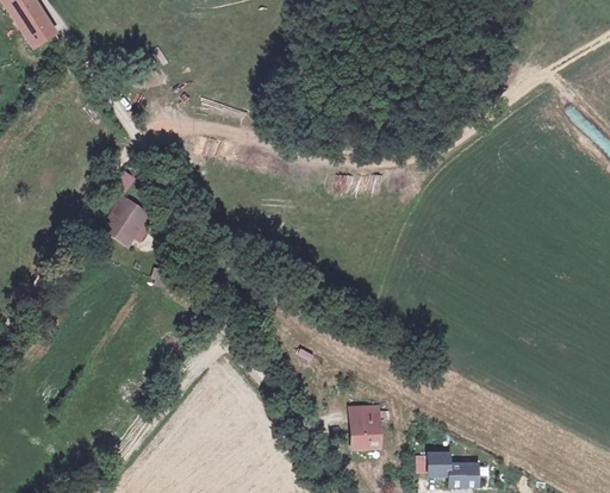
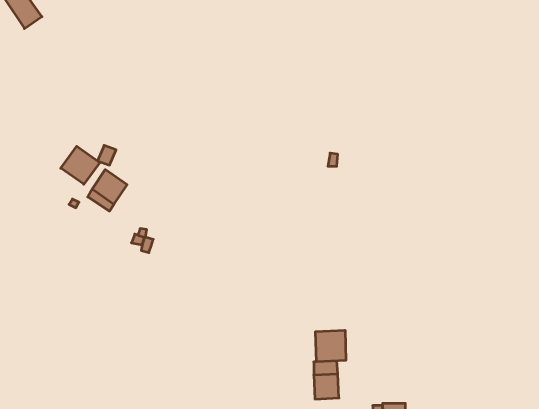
building: none -> [61,146,100,184]
building: none -> [316,330,346,362]

